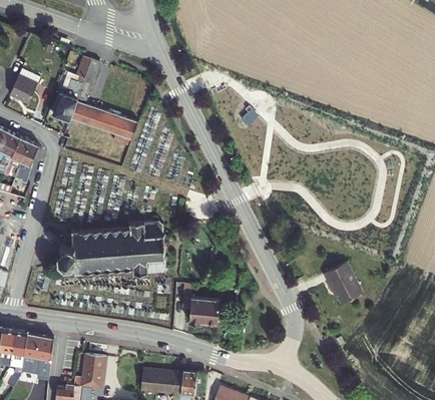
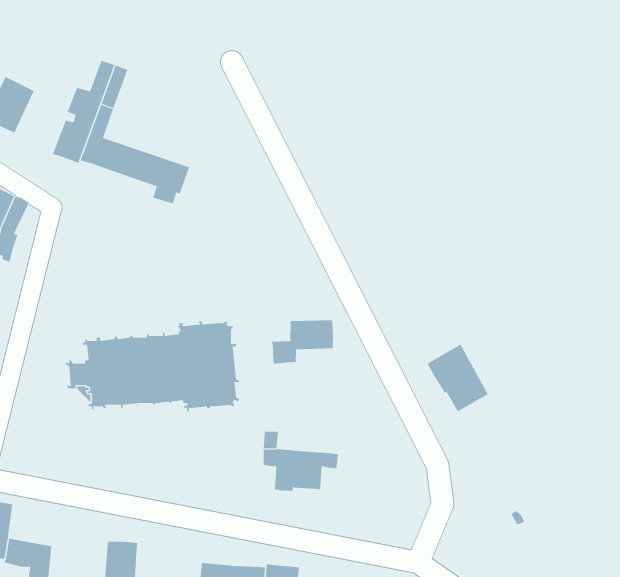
building: none -> [271,319,333,364]
building: [323,263,361,305] -> [427,344,488,412]
building: [25,333,54,359] -> none

